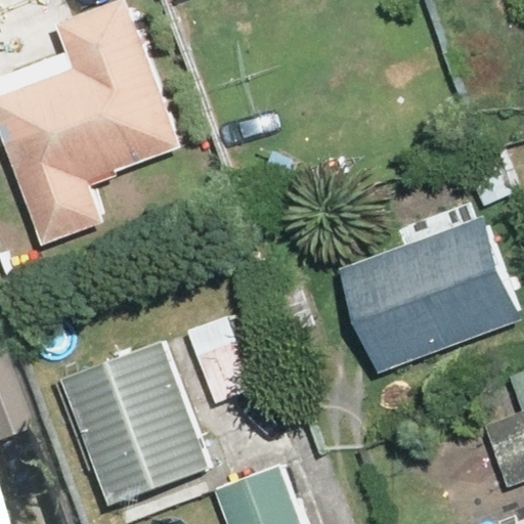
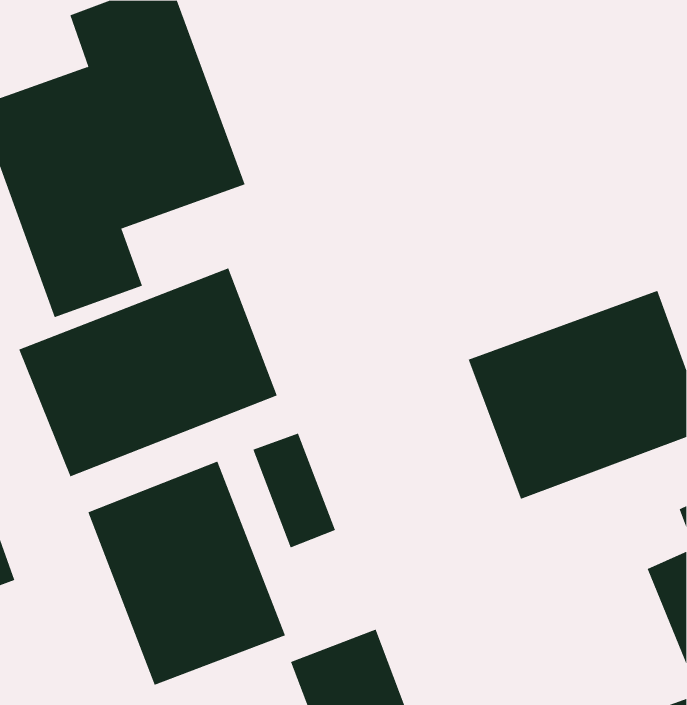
building: none -> [19,268,277,477]

